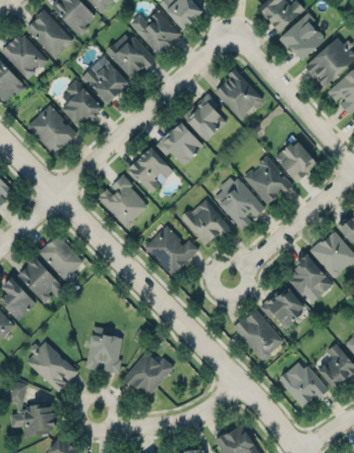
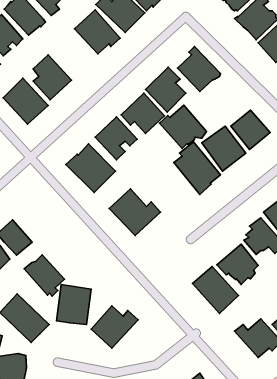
building: [82,57,129,106] -> none
building: [180,197,231,244] -> [160,105,206,148]
building: [39,236,82,281] -> [24,255,65,296]

